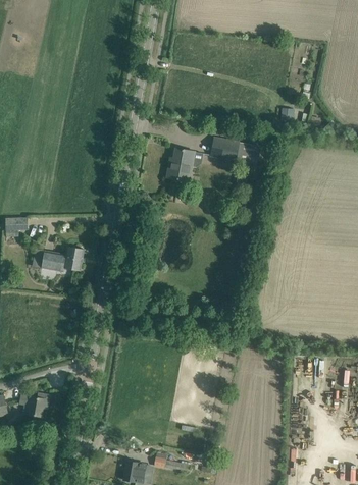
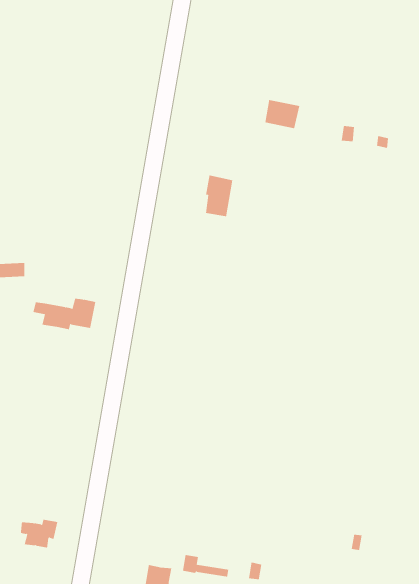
building: [211,139,240,162] -> [265,100,300,129]
building: [19,393,50,417] -> [20,519,58,548]

